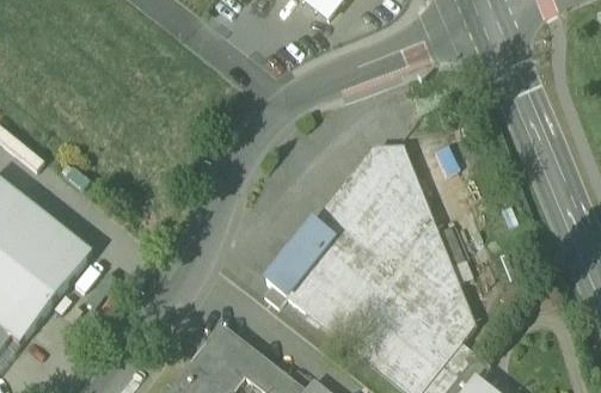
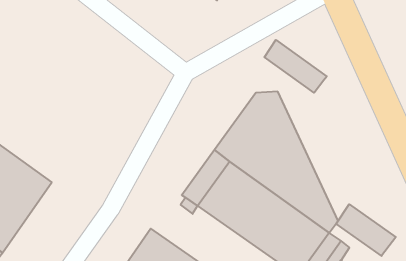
building: none -> [264,40,327,93]
building: none -> [336,204,396,256]

